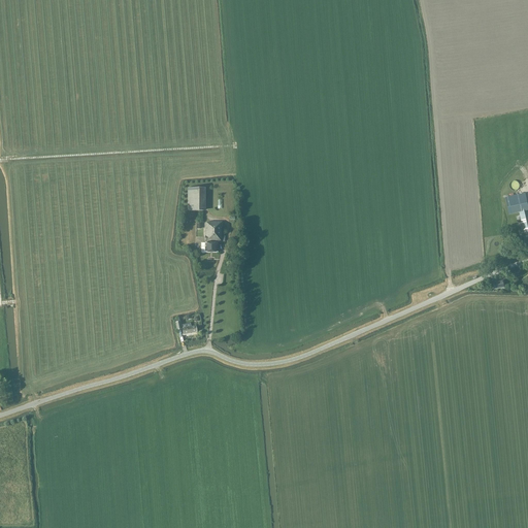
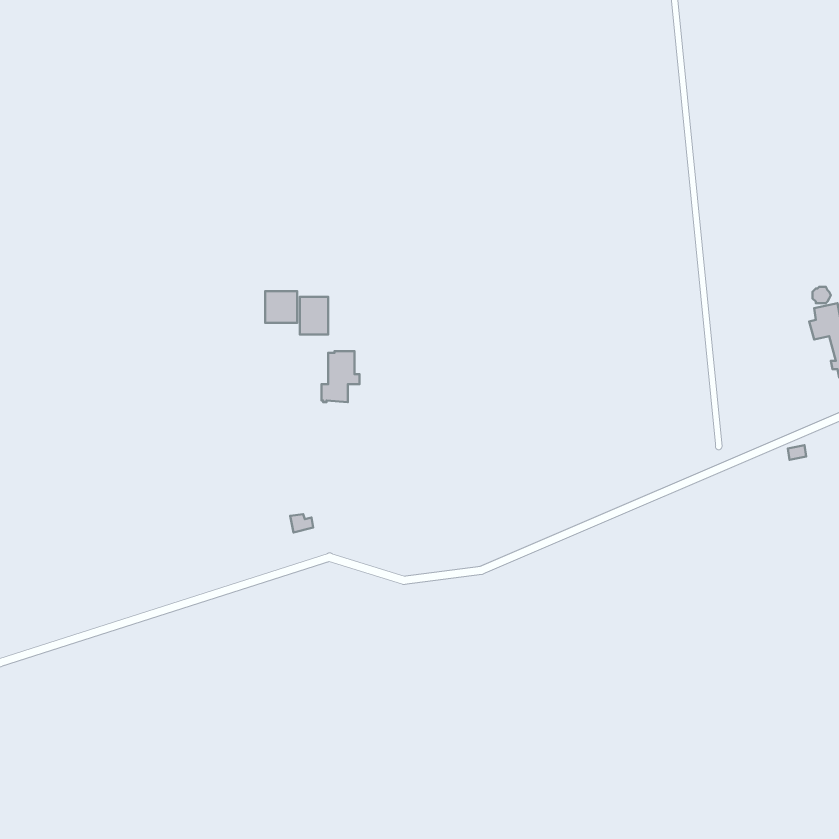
building: none -> [265,291,297,323]

